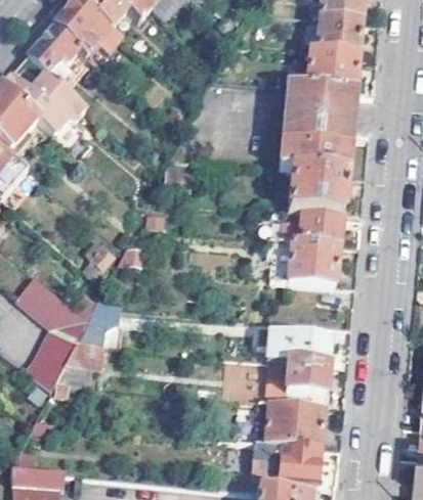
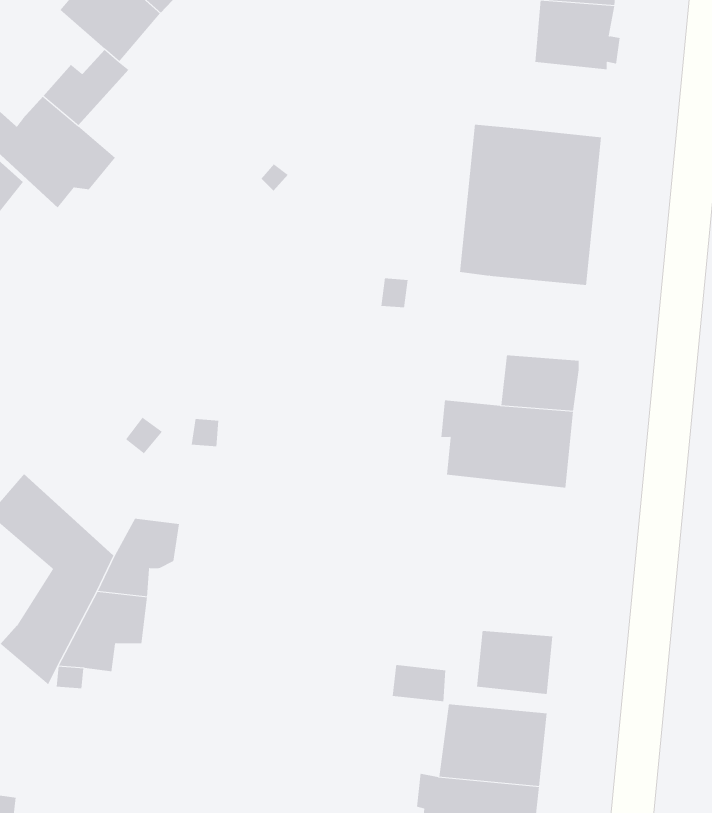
building: [30,21,82,69] -> none
building: [305,50,356,91] -> none
building: [288,167,345,213] -> none
building: [254,325,330,363] -> none

